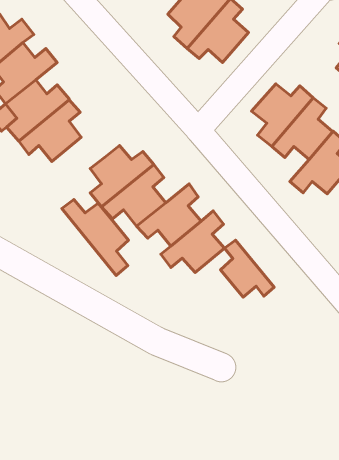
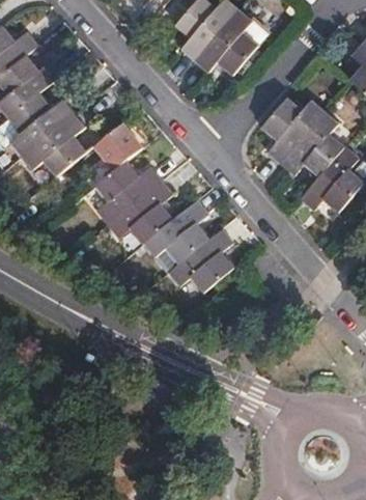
building: none -> [91,122,142,173]
building: [62,199,128,275] -> none
building: [221,240,274,297] -> none

